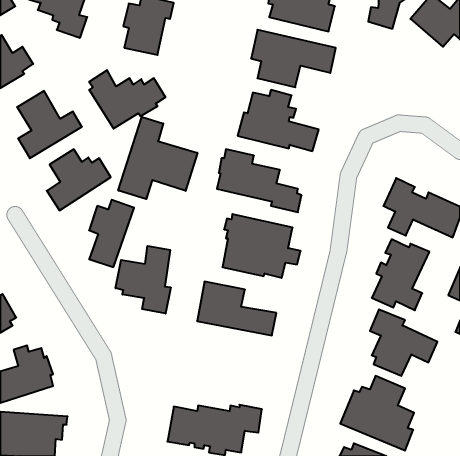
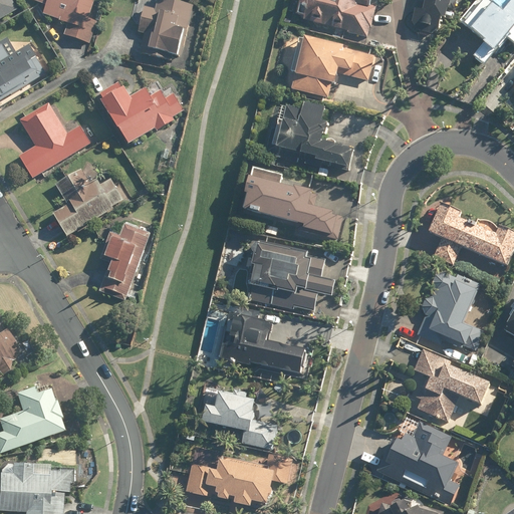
building: [118,117,197,199] -> none
building: [116,246,171,314] -> none
building: none -> [201,388,276,447]

